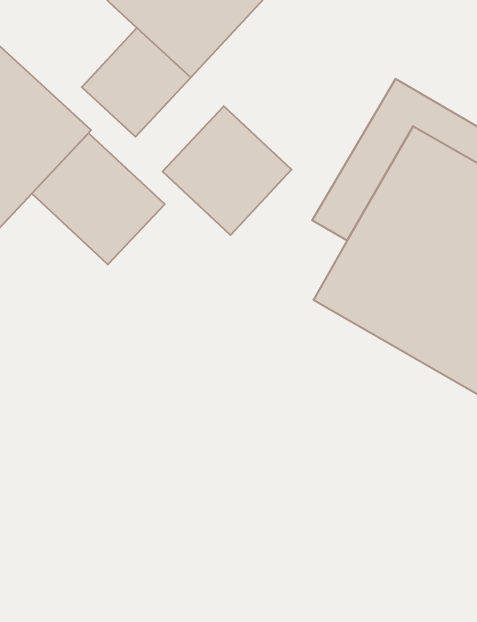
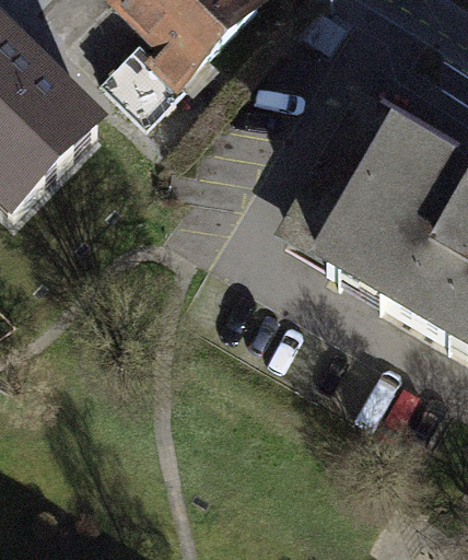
building: [163,106,292,235] -> none
building: [32,133,165,265] -> none

